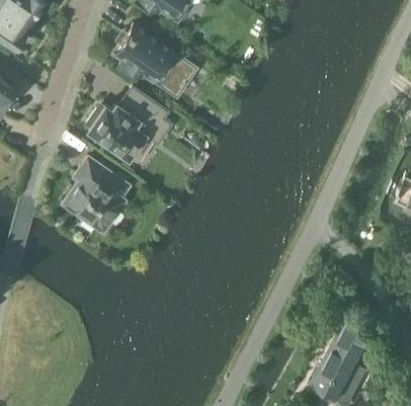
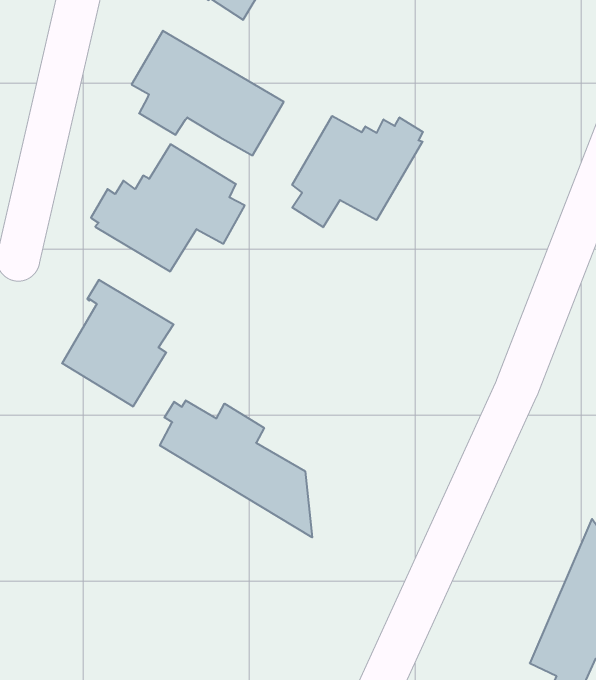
building: none -> [292,116,423,227]
building: none -> [160,400,312,537]

